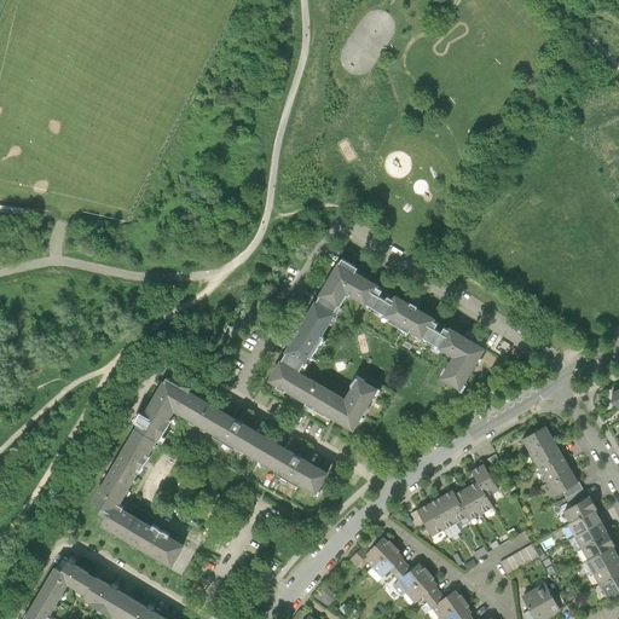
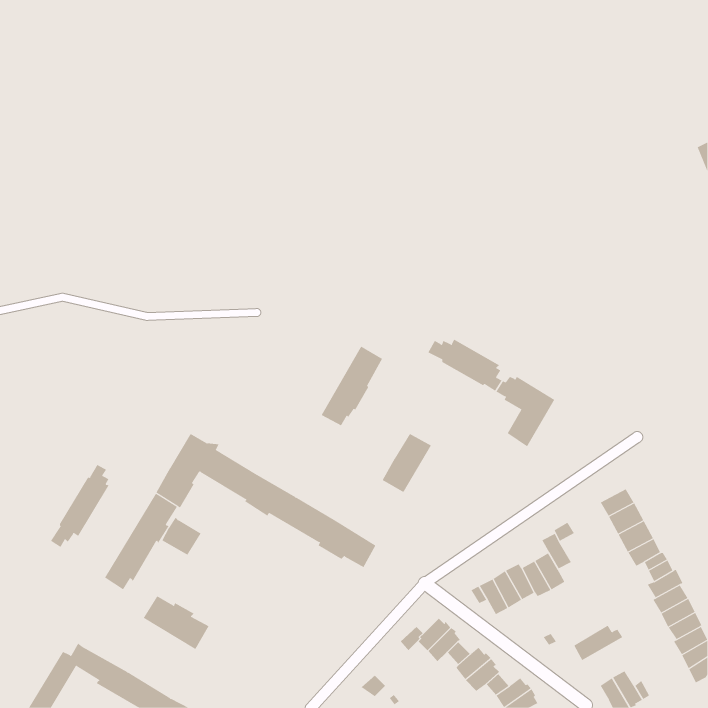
building: [314,258,381,312] -> none
building: [268,361,343,418] -> none
building: none -> [50,464,110,548]
building: [102,504,137,538] -> [161,517,202,556]

